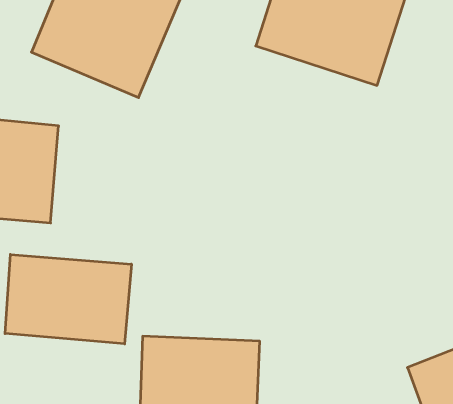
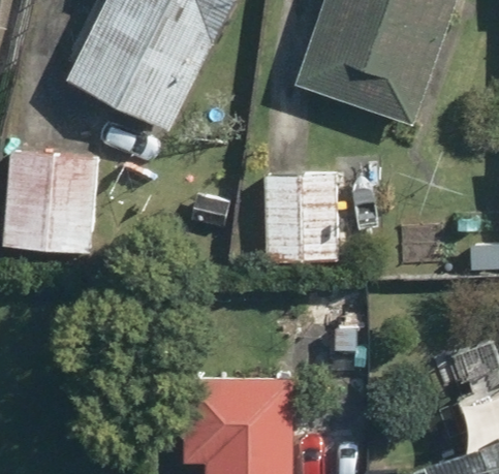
building: none -> [251,172,341,267]
building: [5,254,131,344] -> none

